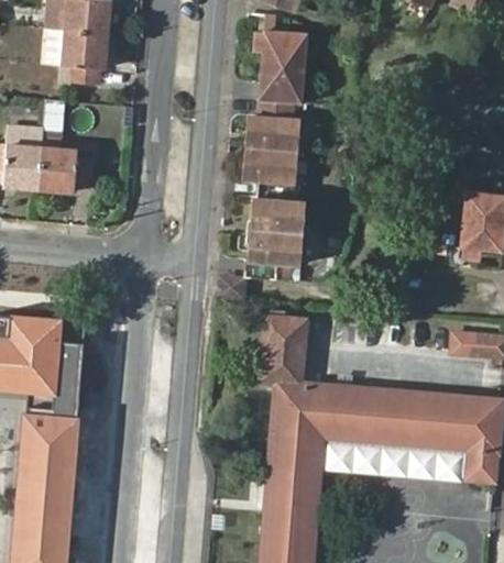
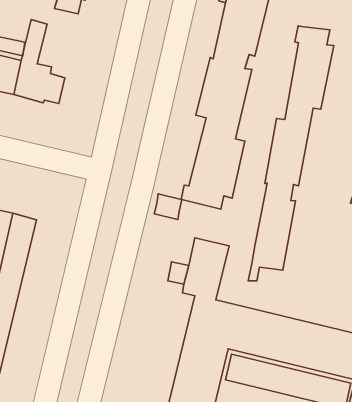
building: none -> [248,26,334,281]

